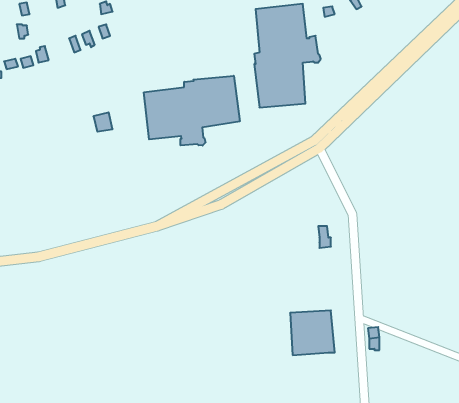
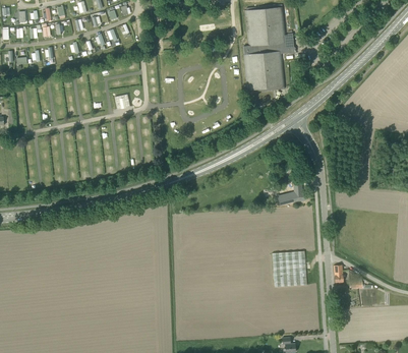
building: [144,76,240,146] -> none

